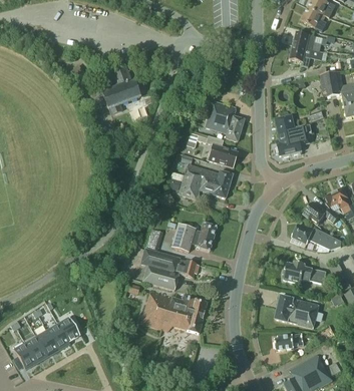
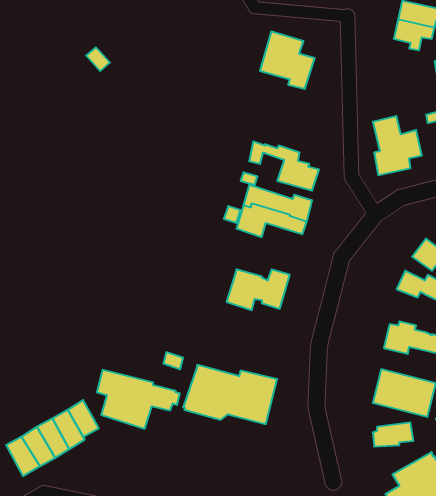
building: [101,64,139,113] -> none
building: [205,99,244,140] -> [260,31,315,89]
building: [139,248,199,290] -> [97,370,180,429]

